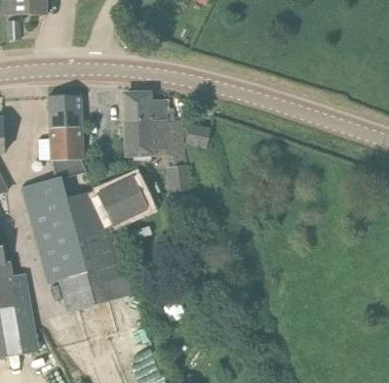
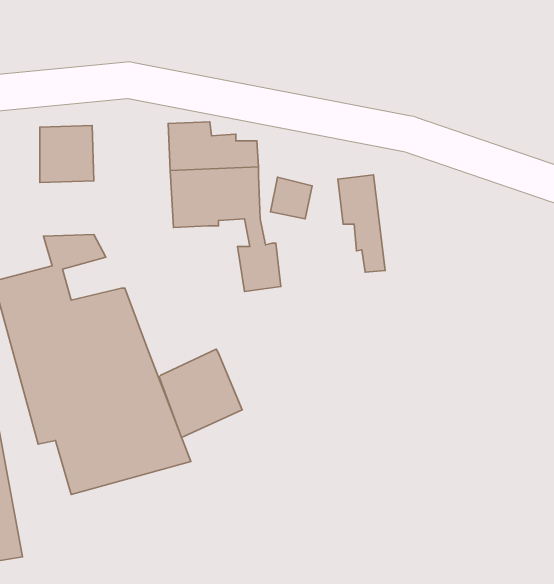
building: none -> [338,175,385,272]
building: [48,126,80,159] -> none
building: [99,173,148,225] -> [159,349,242,437]

